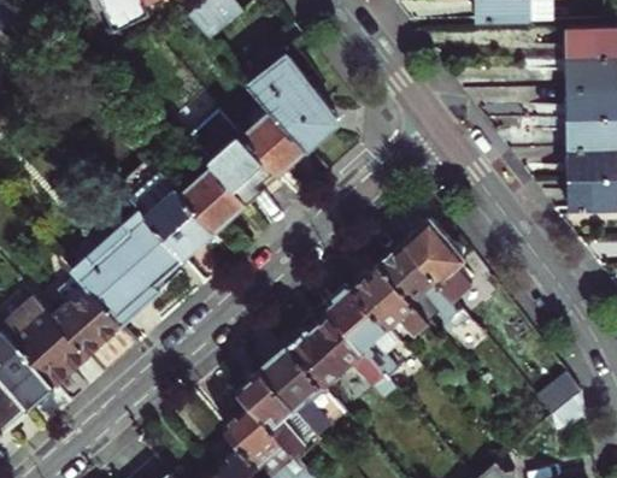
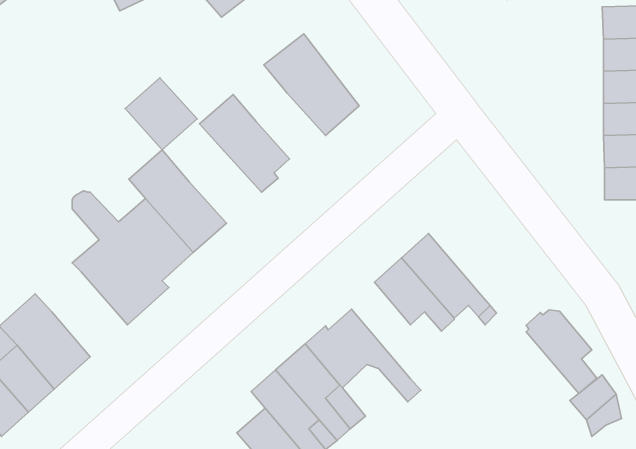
building: [242,110,307,176] -> none
building: [180,164,247,231] -> [125,78,197,150]
building: [404,220,470,299] -> [526,310,597,393]
building: [51,277,122,356] -> none
building: [328,287,399,377] -> none

